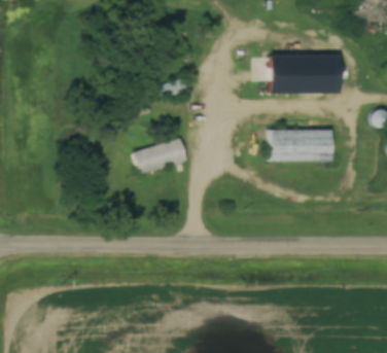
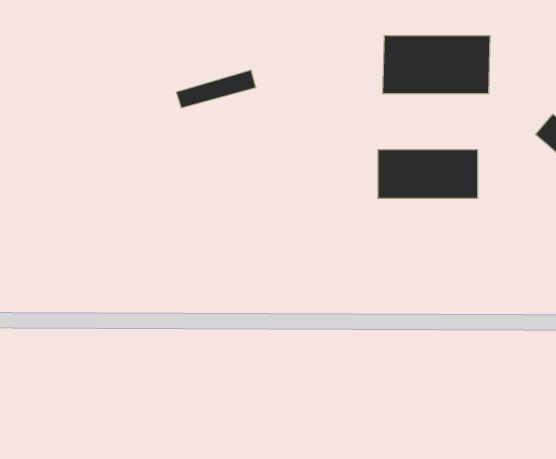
building: [133,139,187,174] -> none

